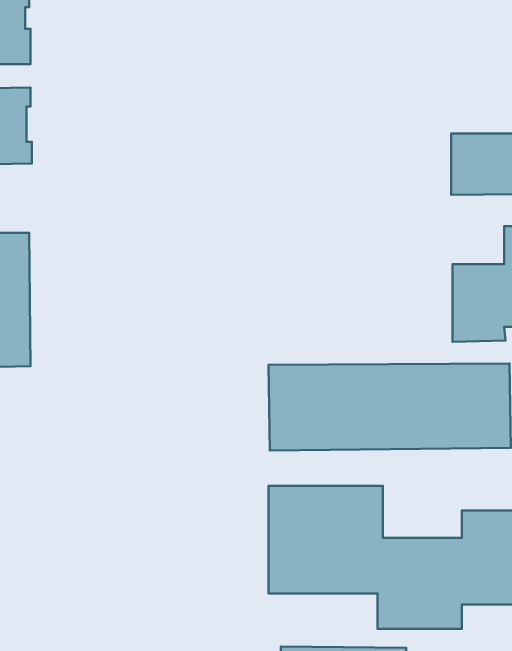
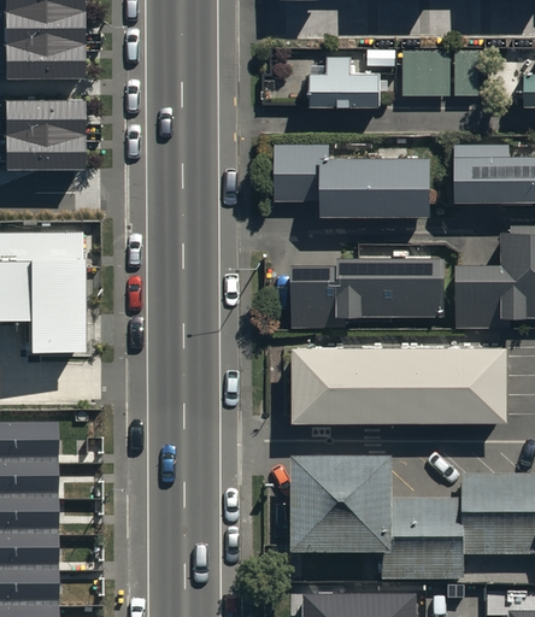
building: none -> [310,51,395,104]
building: none -> [404,53,480,96]
building: none -> [274,146,428,212]
building: none -> [290,253,442,330]

